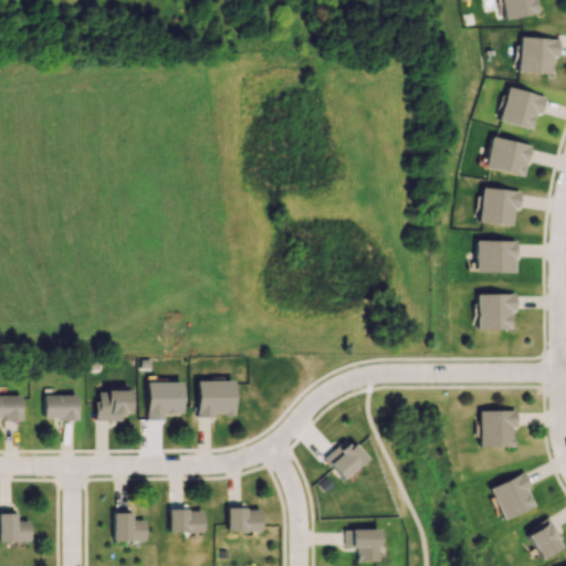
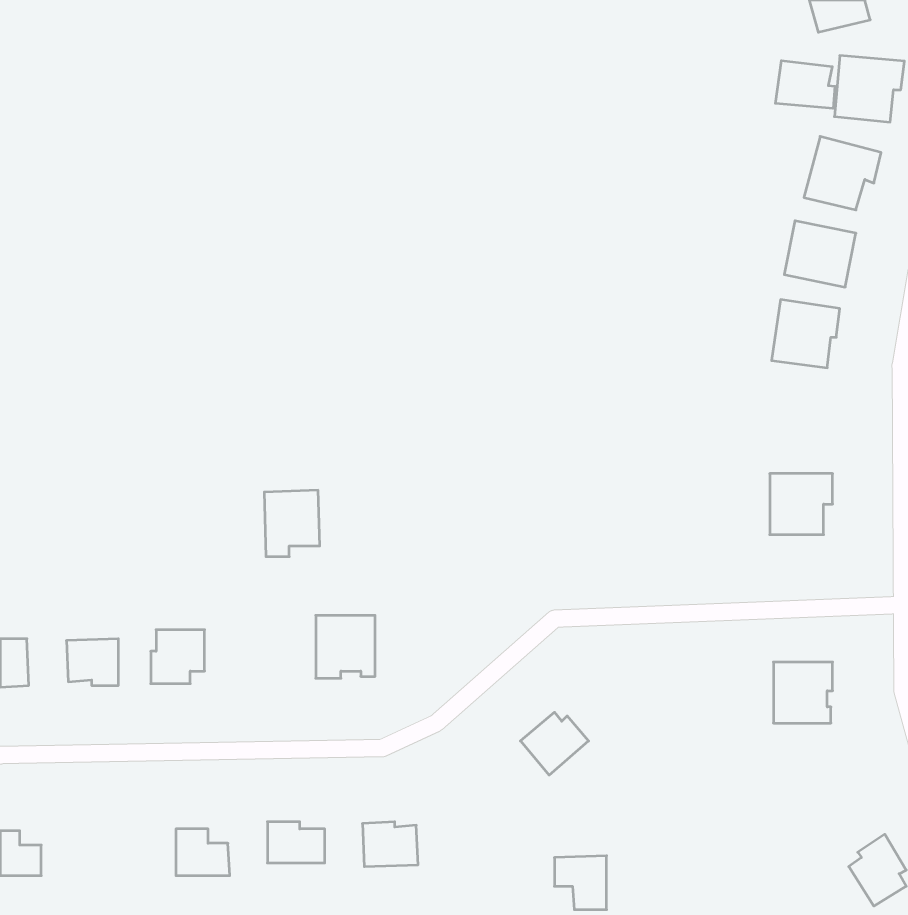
building: none -> [775,61,835,108]
building: [479,240,518,274] -> none
building: [150,380,185,421] -> [264,490,320,557]
building: [490,470,537,521] -> none

